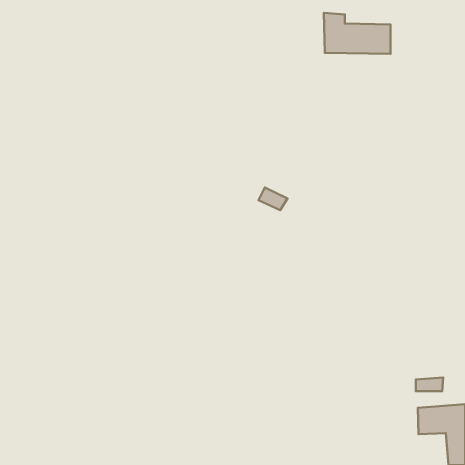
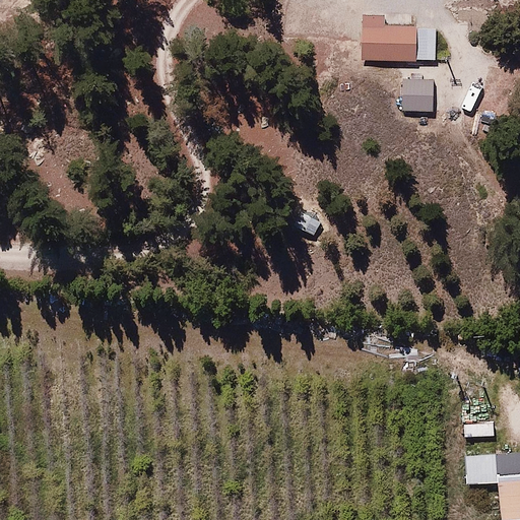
building: none -> [402,78,434,111]

